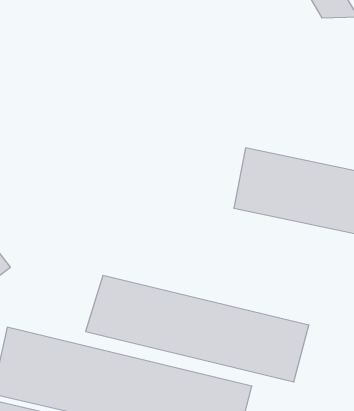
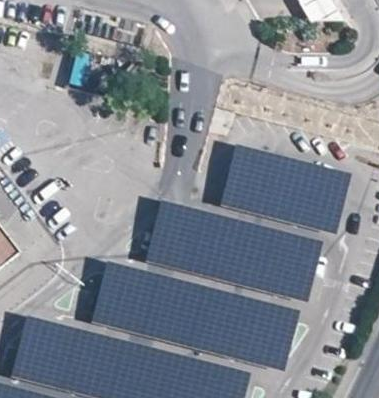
building: none -> [153,199,329,294]

